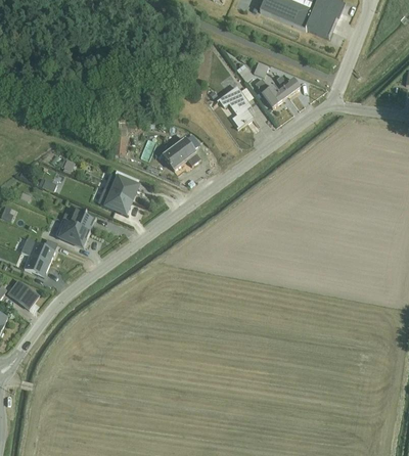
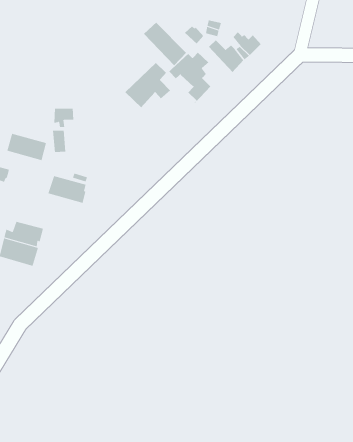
building: none -> [143,22,187,66]
building: [162,133,200,170] -> [124,62,171,108]
building: [97,187,132,214] -> [7,133,47,161]

